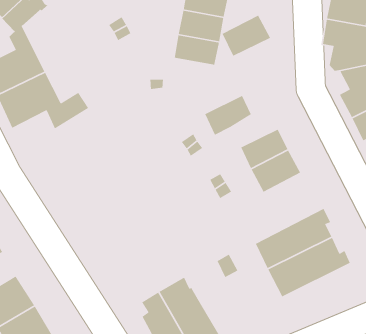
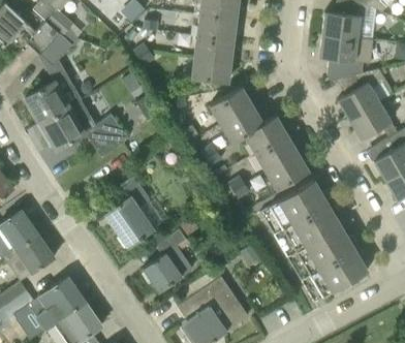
building: [221,15,271,57] -> [211,87,254,125]
building: none -> [246,116,287,152]
building: none -> [105,176,155,247]
building: none -> [260,180,332,235]
building: none -> [144,228,193,292]
building: none -> [301,246,368,303]

